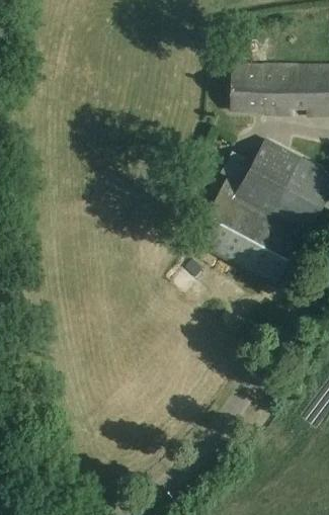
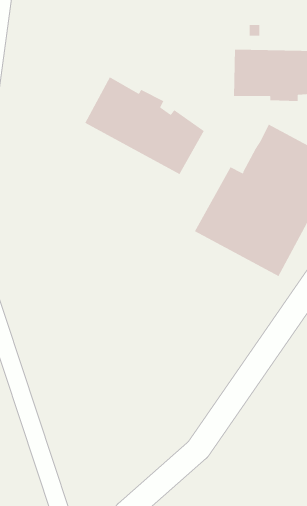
building: none -> [84,76,205,175]

